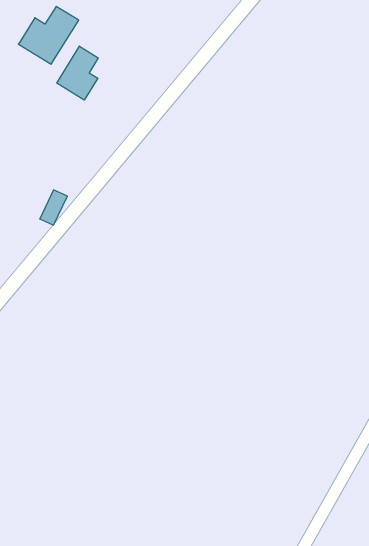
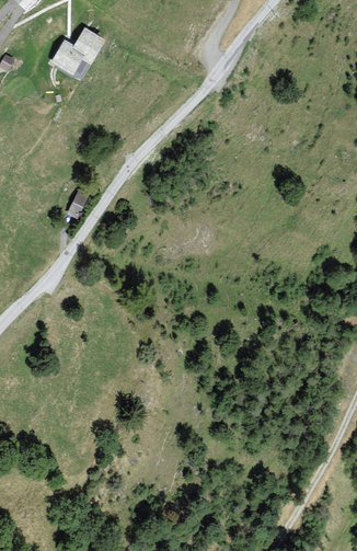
building: [57,46,98,100] -> none

